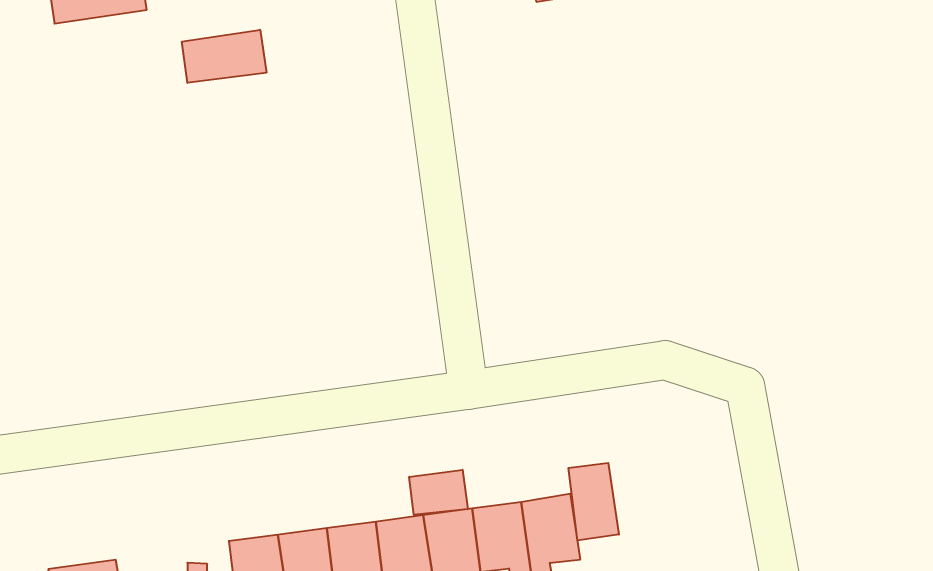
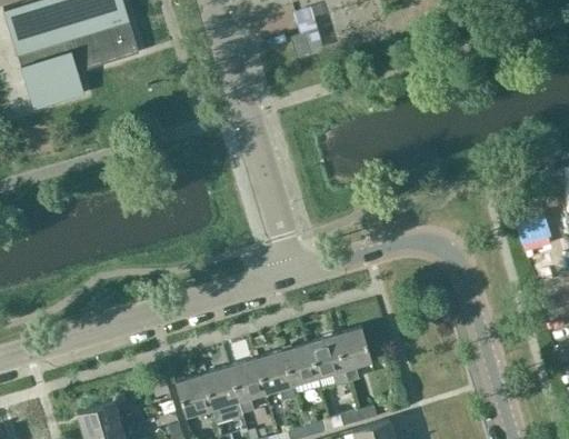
building: [182,30,266,83] -> none
building: [568,463,619,540] -> none
building: [409,470,468,515] -> none

